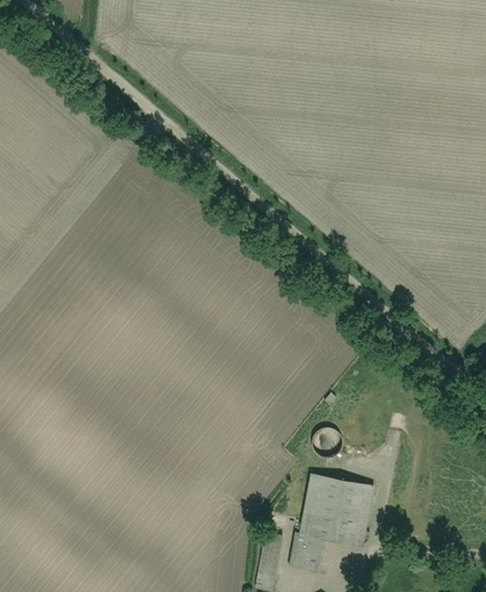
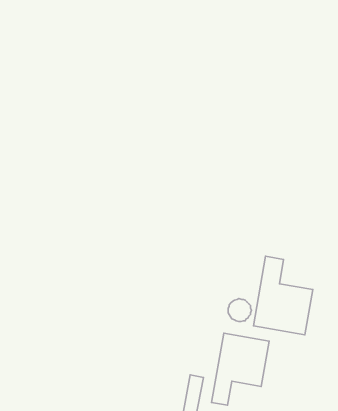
building: none -> [253,256,313,335]

